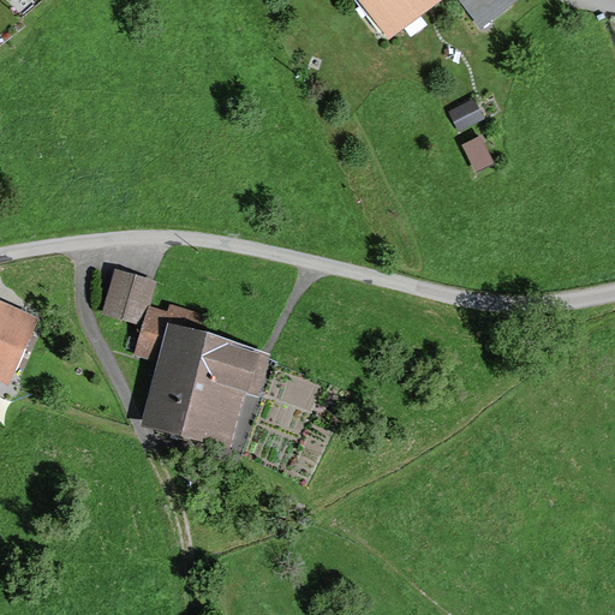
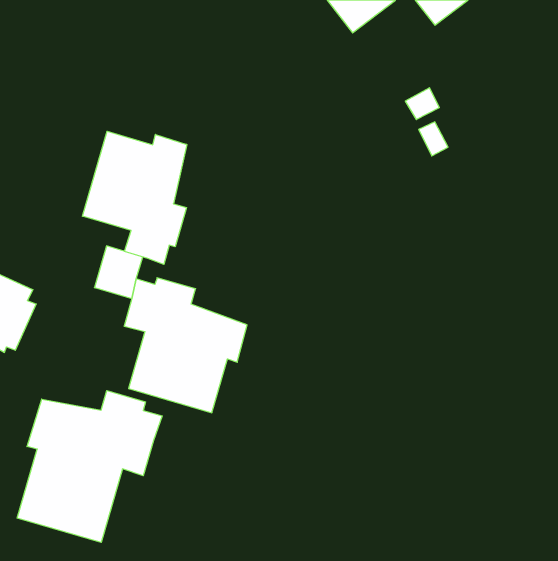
building: none -> [82,131,187,264]
building: none -> [17,391,162,542]

